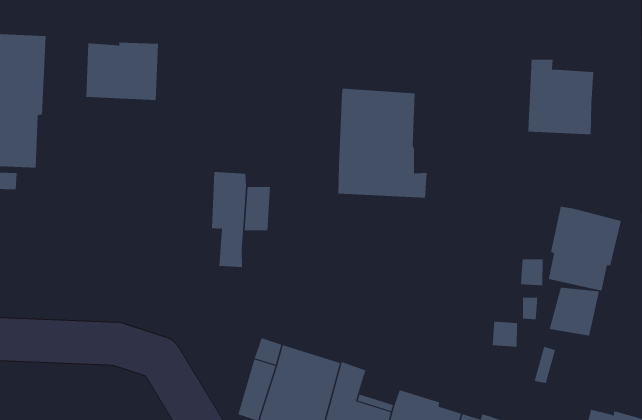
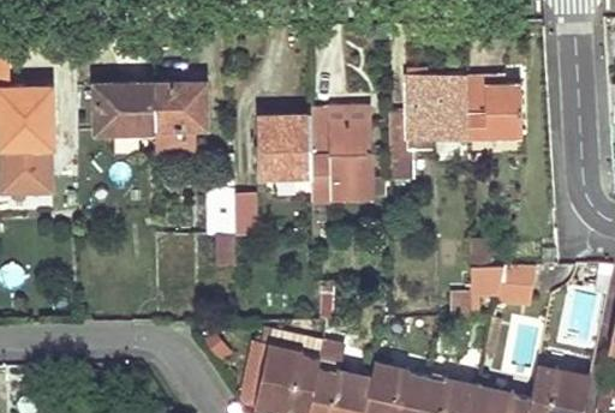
building: none -> [153,84,205,156]
building: none -> [387,77,467,181]
building: none -> [259,116,310,178]
building: [548,206,621,292] -> none

